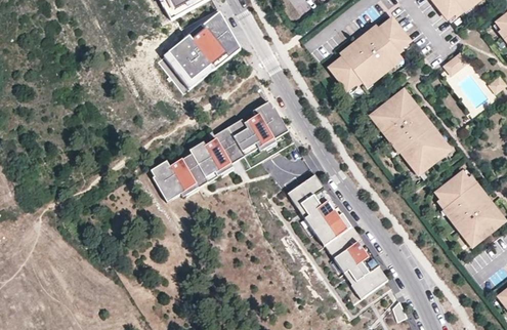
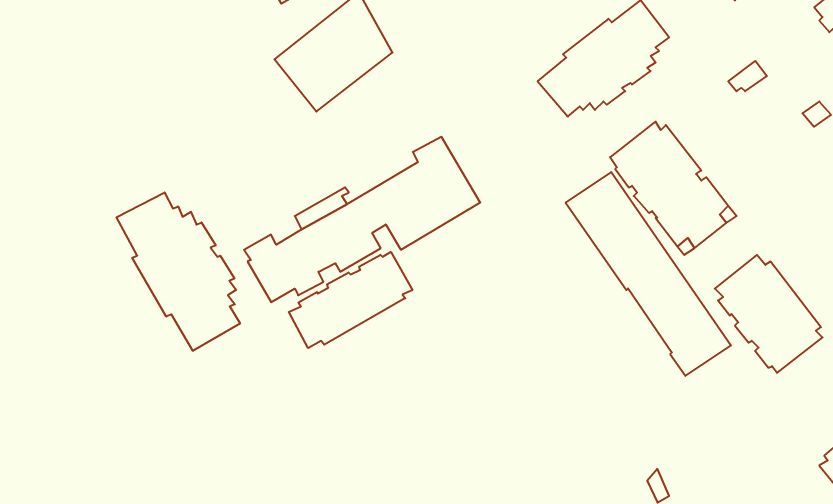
building: none -> [116,192,240,351]
building: none -> [289,252,412,348]
building: [288,176,388,300] -> [566,172,731,376]

